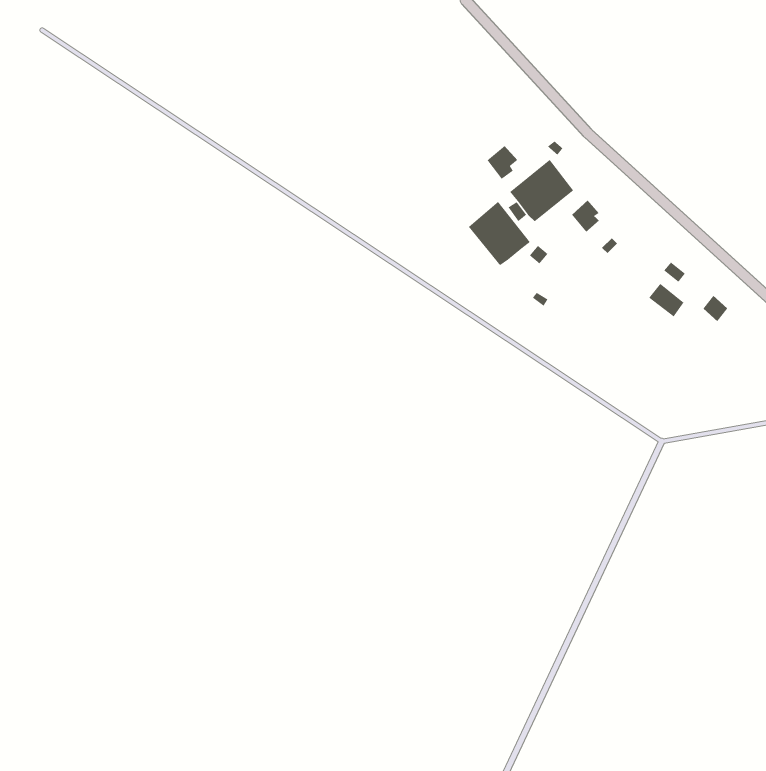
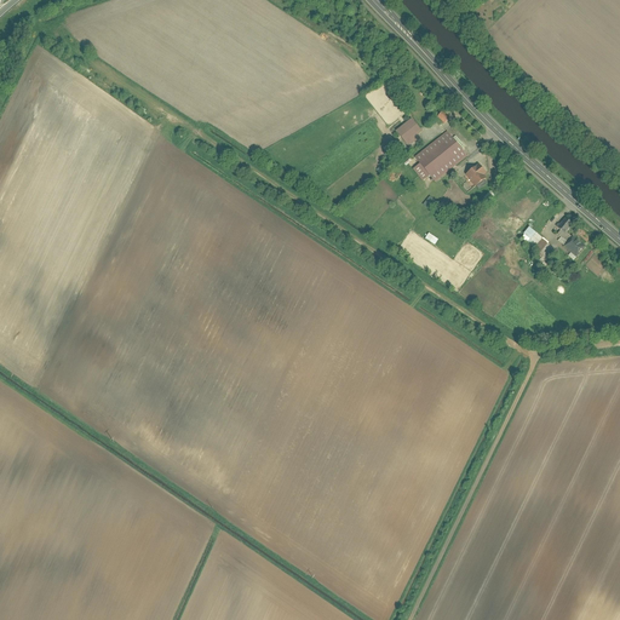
building: [468,201,531,266] -> none

